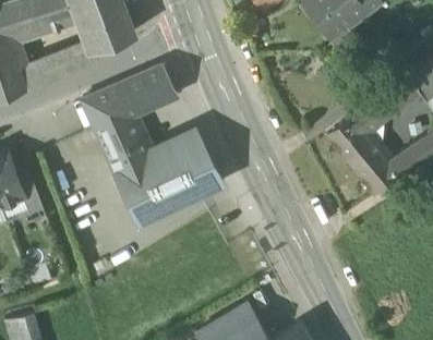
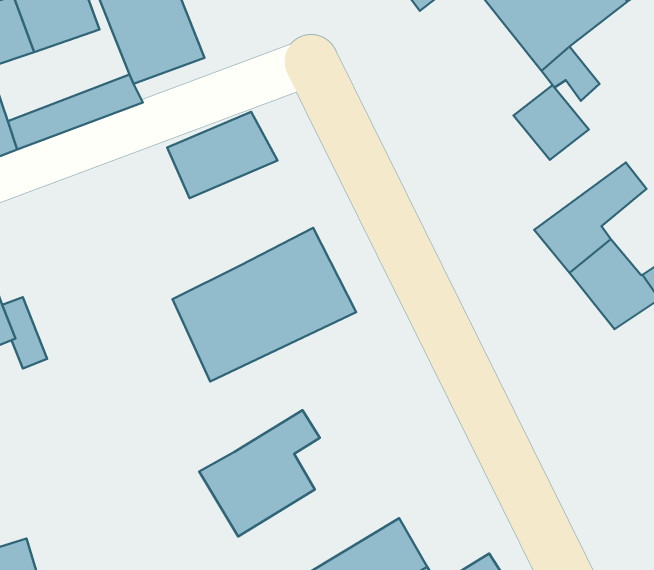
building: none -> [514,85,589,160]
building: [83,87,156,175] -> none
building: none -> [199,410,320,536]

